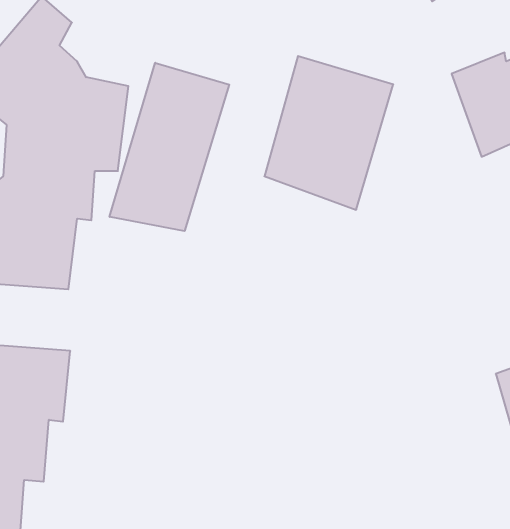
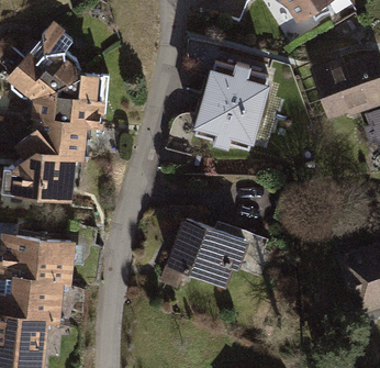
building: [110,63,229,231] -> none
building: none -> [158,218,272,290]

